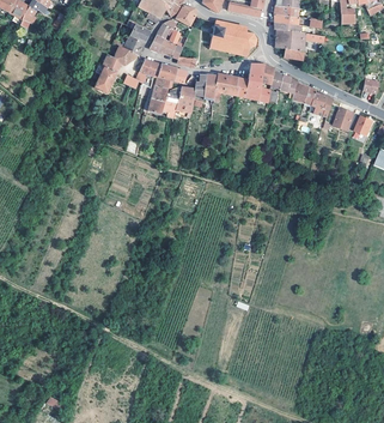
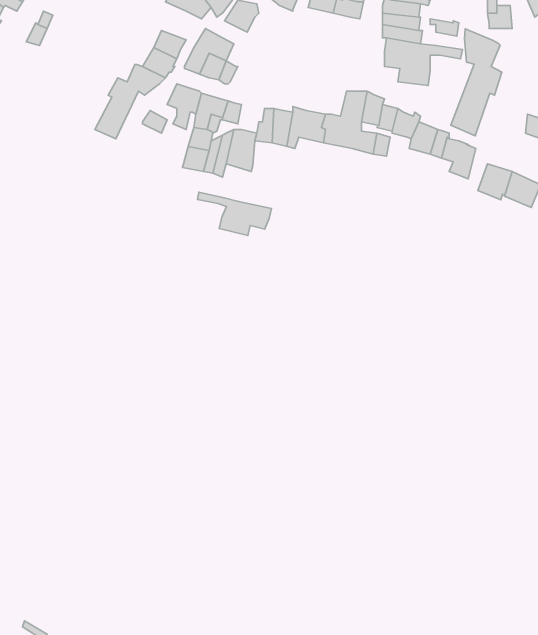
building: [209,19,256,55] -> none
building: none -> [451,29,502,136]
building: none -> [198,192,272,236]

